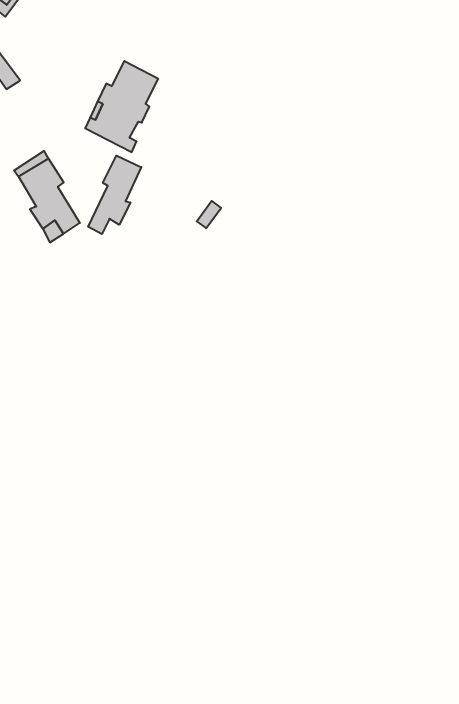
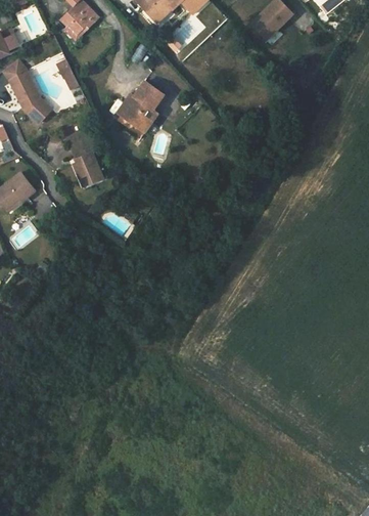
building: [88,156,141,234] -> none

